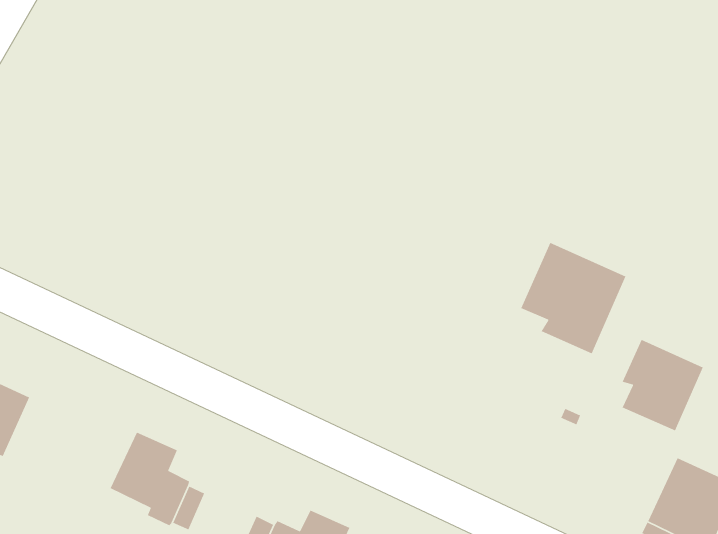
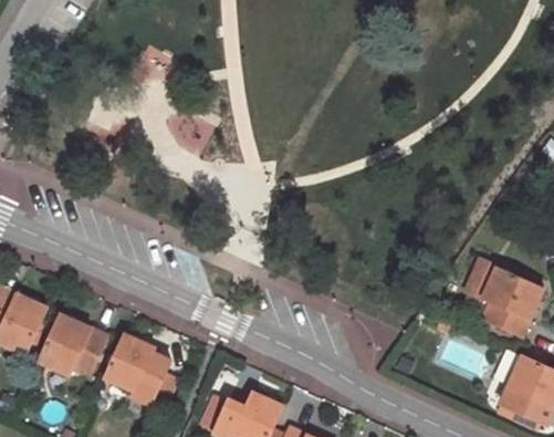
building: [520,242,627,354] -> none
building: none -> [39,314,106,374]

